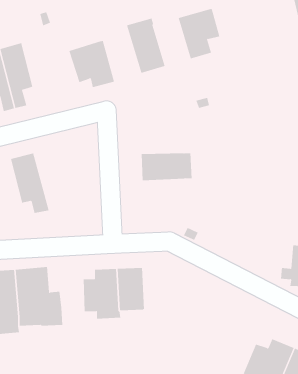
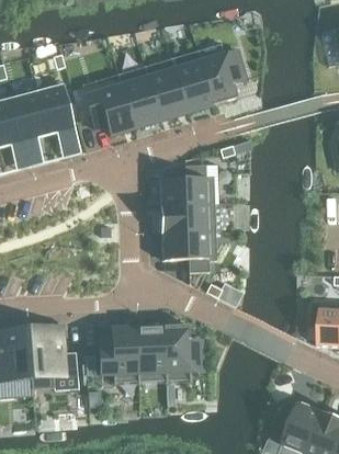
building: none -> [173,60,213,112]
building: none -> [116,68,160,128]
building: none -> [159,164,214,205]
building: [10,153,49,214] -> [34,80,76,145]
building: none -> [161,231,208,272]
building: none -> [162,325,203,379]

